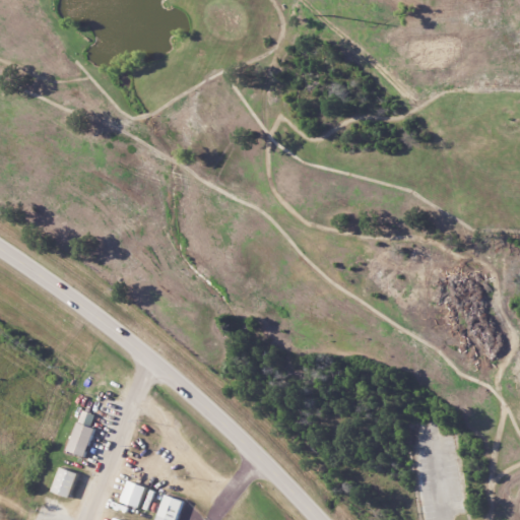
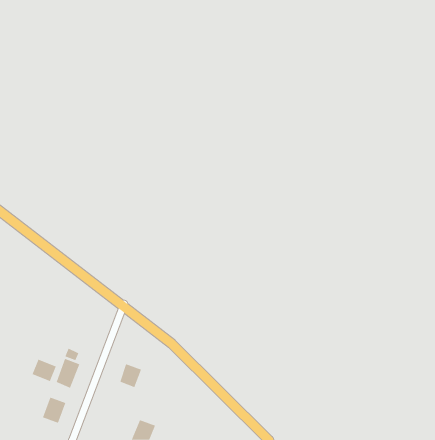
building: none -> [32,359,56,382]
building: [121,481,147,510] -> [119,364,142,388]

